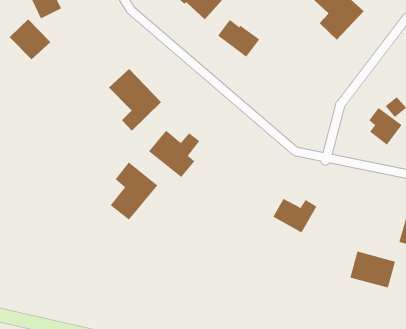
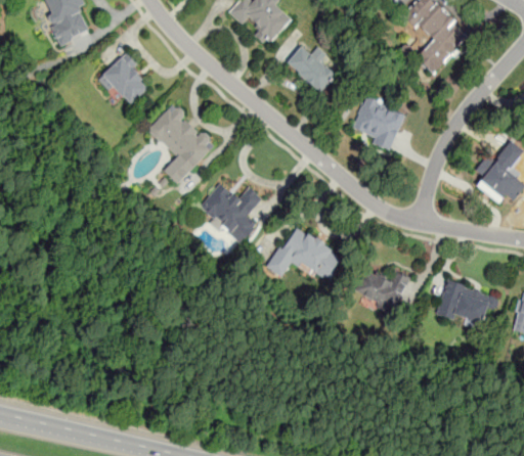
building: [9,19,51,60] -> [99,53,152,105]
building: none -> [351,95,406,147]
building: [110,162,158,220] -> none
building: none -> [266,224,344,282]
building: [349,251,396,288] -> [436,280,494,327]

